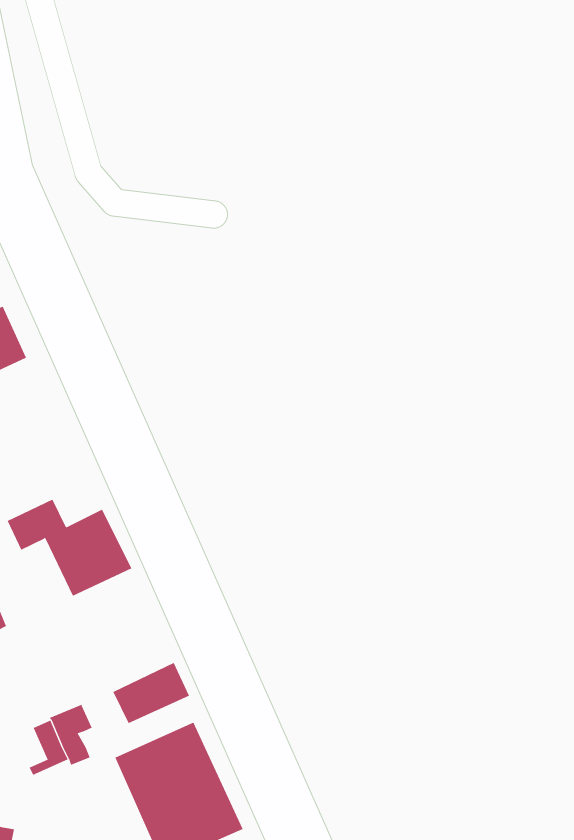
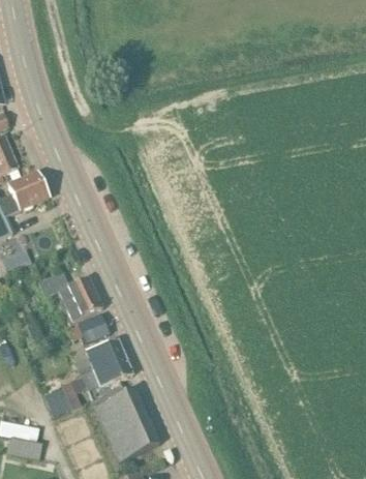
building: none -> [78,312,109,342]
building: none -> [86,338,125,370]

